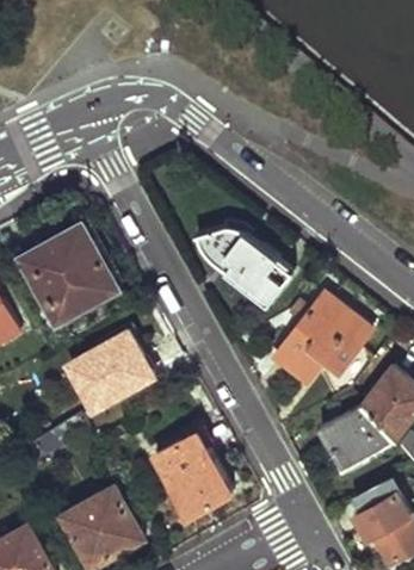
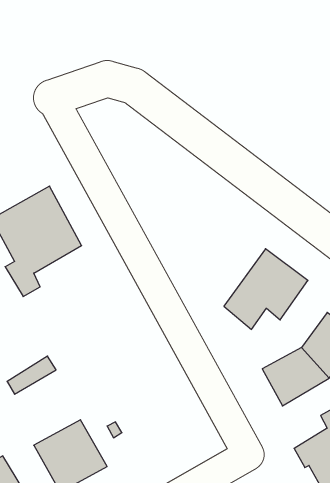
building: [193,225,291,305] -> none
building: [79,329,163,411] -> none
building: [153,430,231,516] -> none

